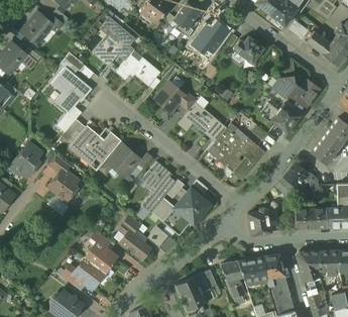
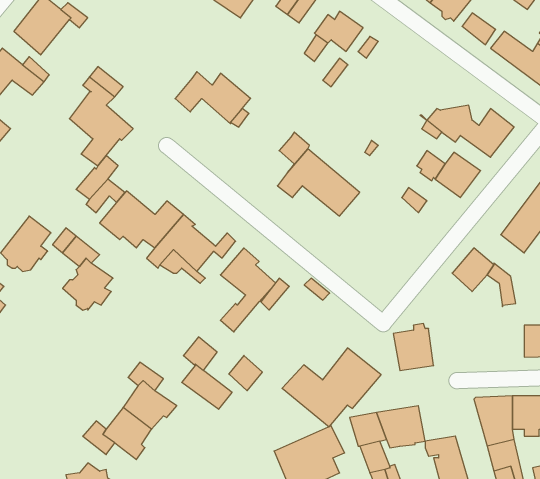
building: [96,18,135,65] -> none
building: [233,36,263,63] -> none
building: [157,82,186,112] -> none
building: [208,123,264,180] -> none
building: [151,188,211,235] -> [282,348,381,427]
building: [295,208,326,229] -> none
building: [262,254,284,278] -> none

